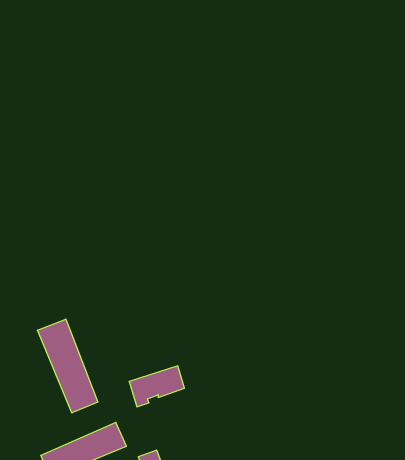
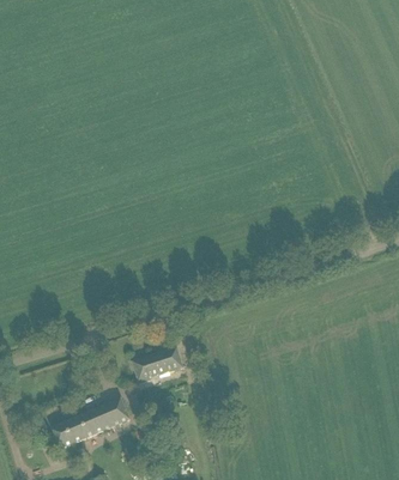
building: [38,319,98,413] -> none

